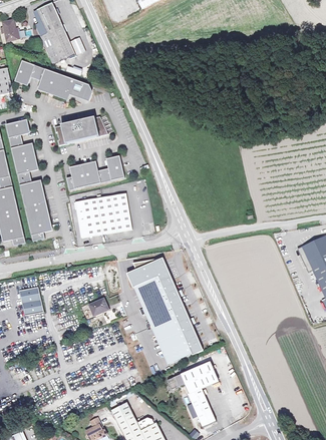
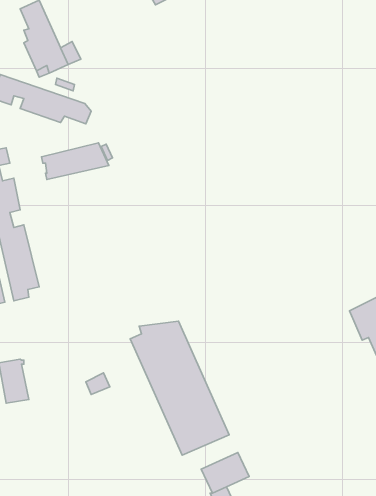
building: [65,154,123,189] -> none
building: [74,192,130,237] -> none

